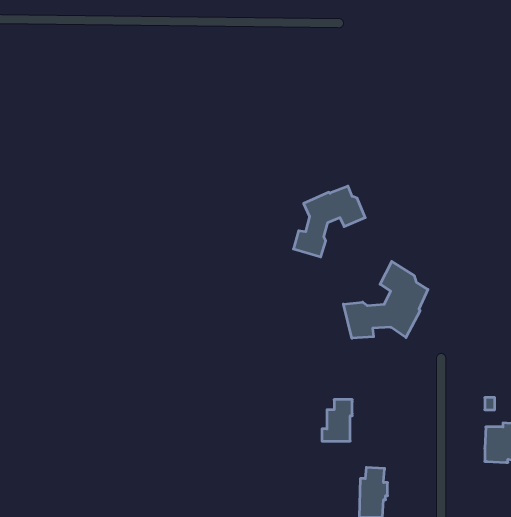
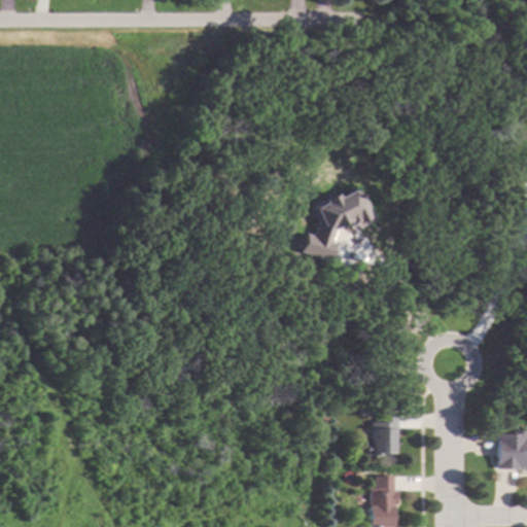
building: [343,261,428,338] -> none
building: [322,400,352,441] -> [370,413,400,455]

